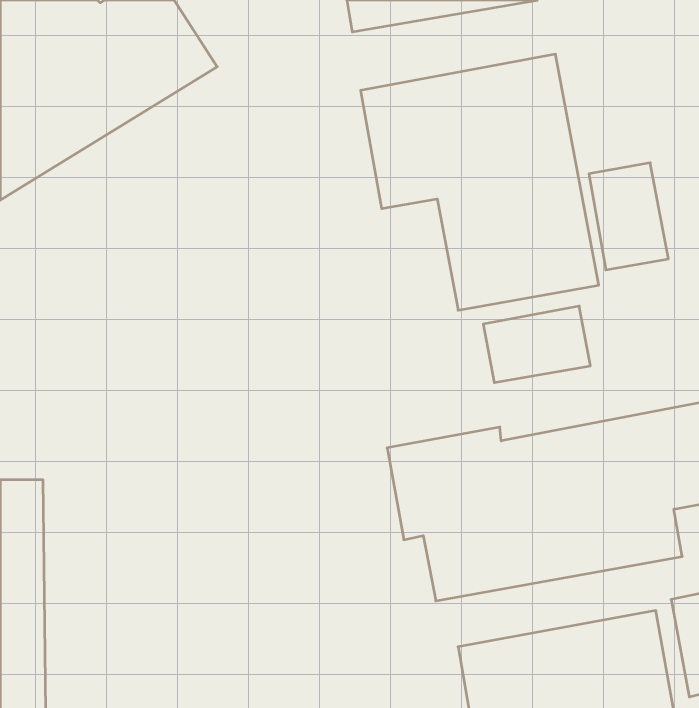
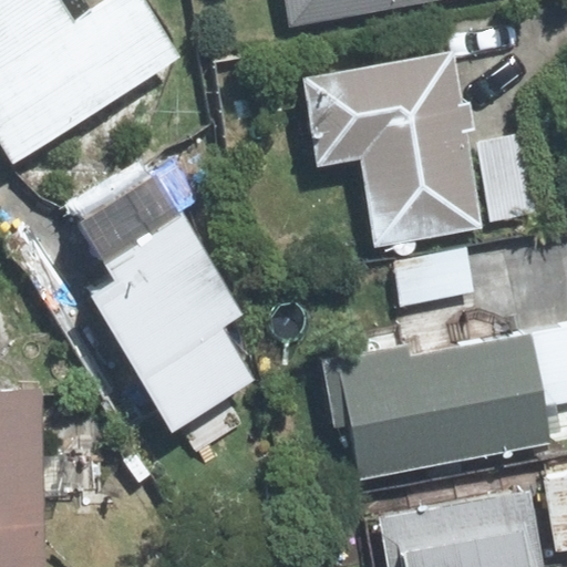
building: none -> [71,162,240,422]

